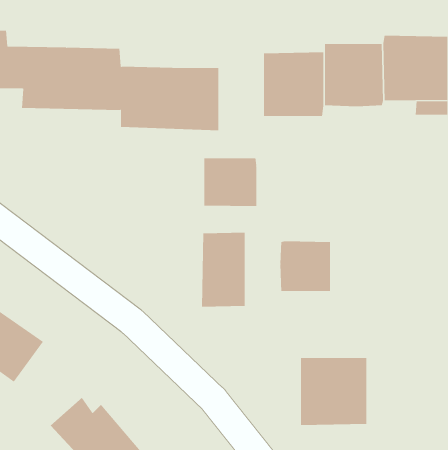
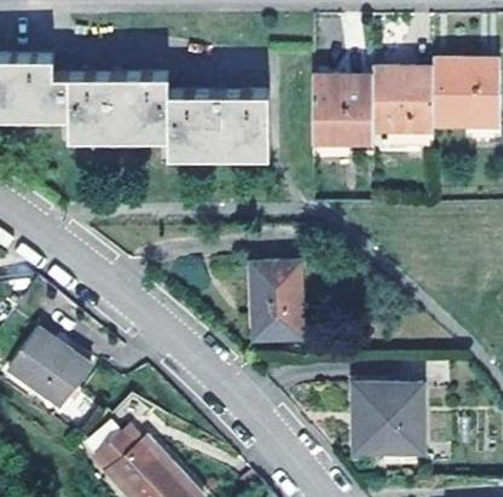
building: [204,158,257,207] -> none
building: [280,241,331,292] -> none

